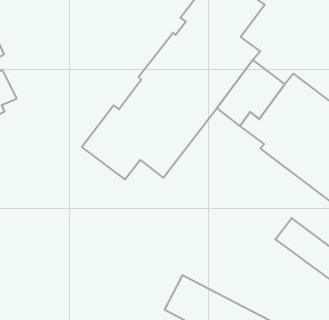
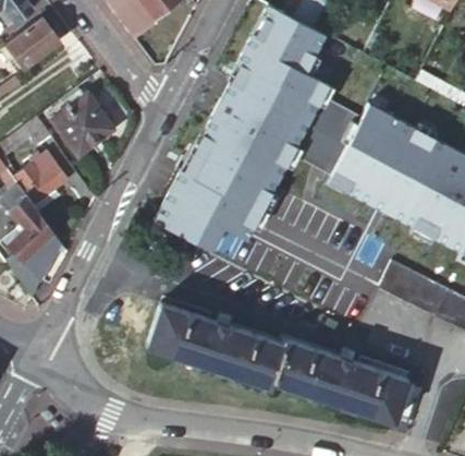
building: none -> [53,93,114,155]
building: none -> [149,305,283,387]

